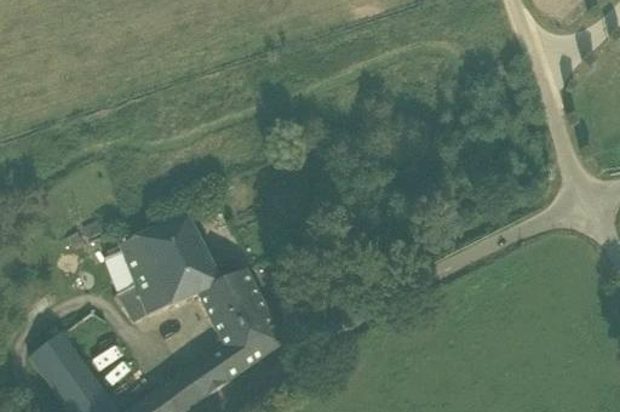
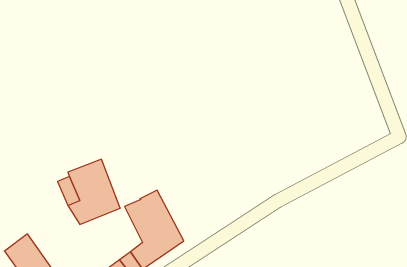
building: [167,218,223,296] -> none

